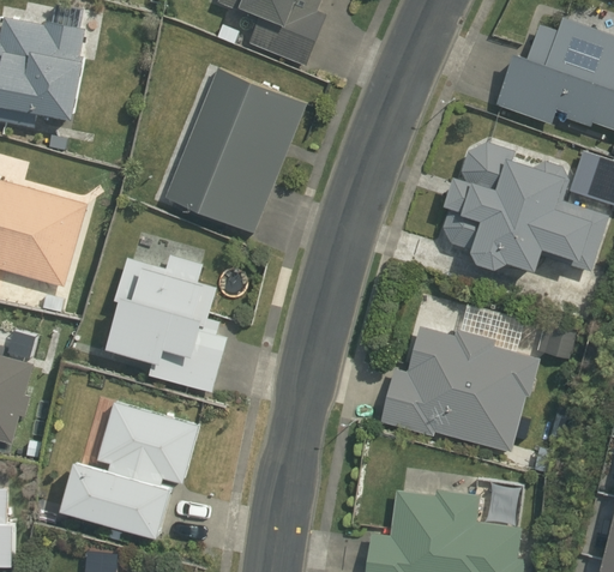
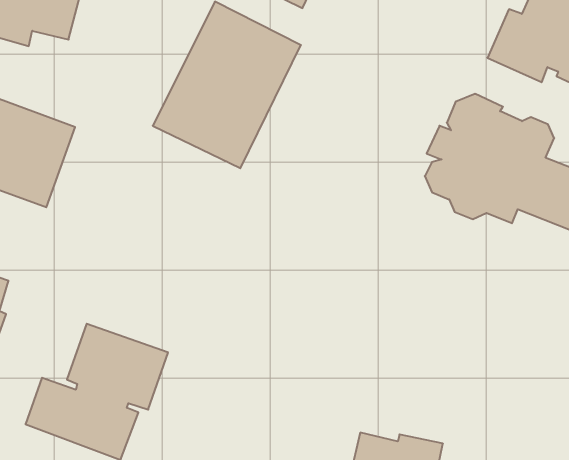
building: [103,254,228,393] -> none
building: [378,327,540,452] -> none

